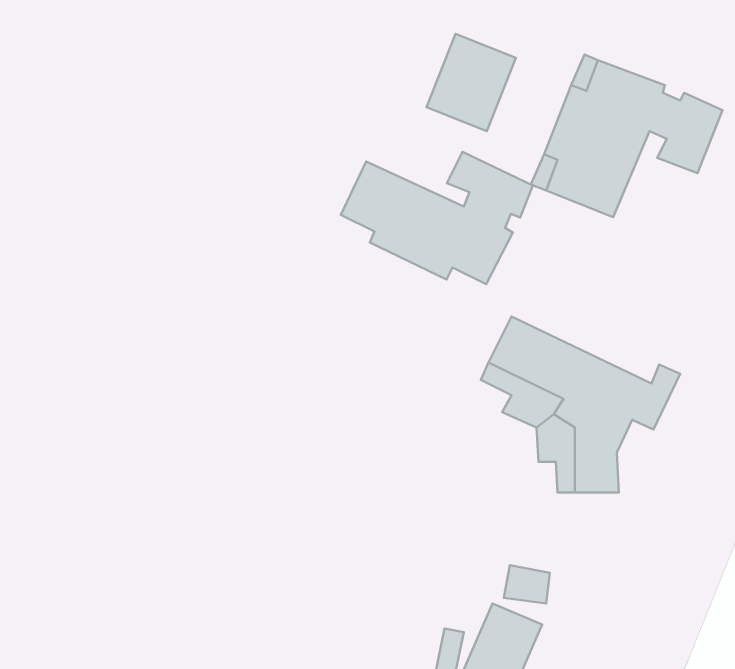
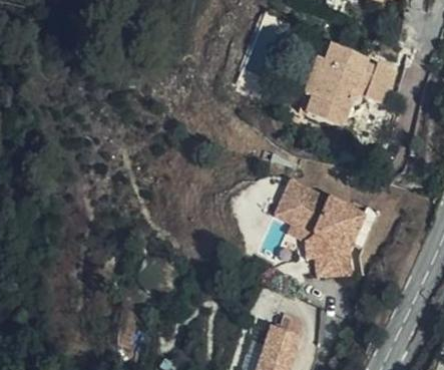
building: [427,34,516,131] -> none
building: [341,152,533,284] -> none

